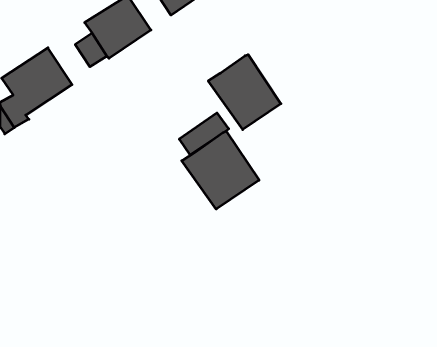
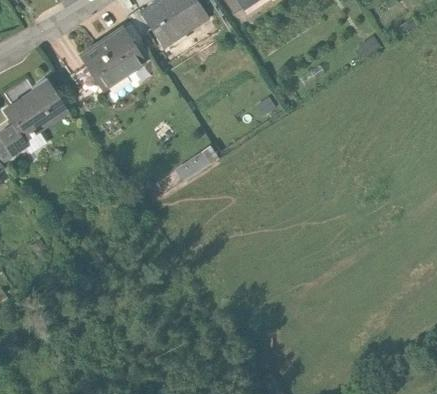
building: [208,55,281,130] -> none
building: [182,131,259,209] -> none

